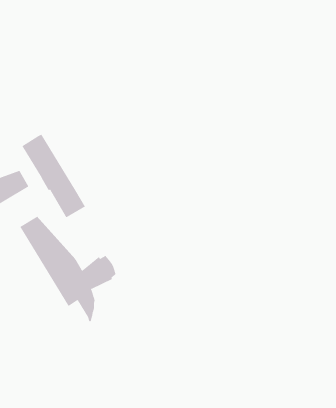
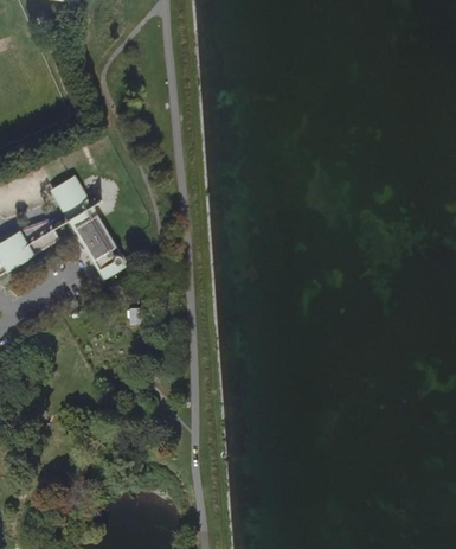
building: [20,216,116,322] -> none

